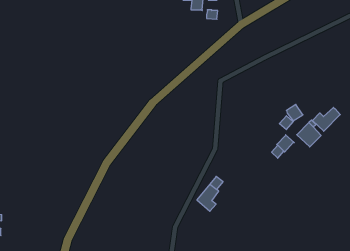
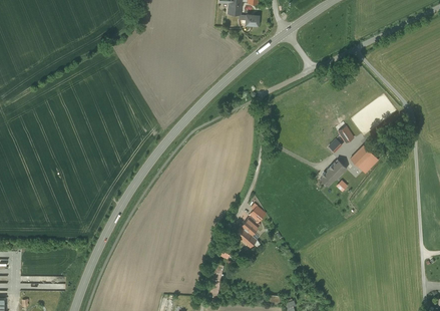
building: [313,107,340,131] -> none

